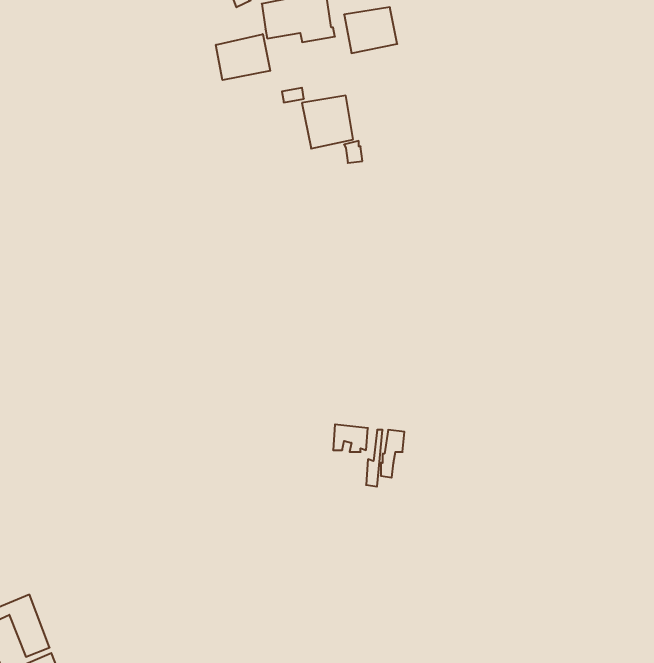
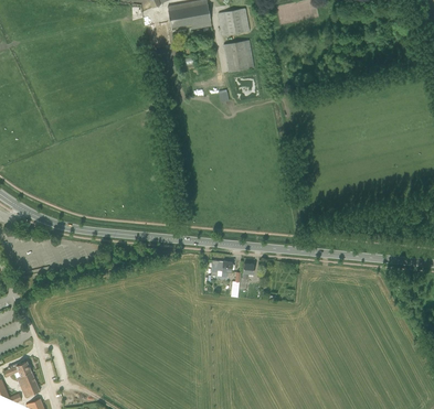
building: [216,34,270,80] -> none
building: [302,96,353,149] -> [222,41,253,73]

